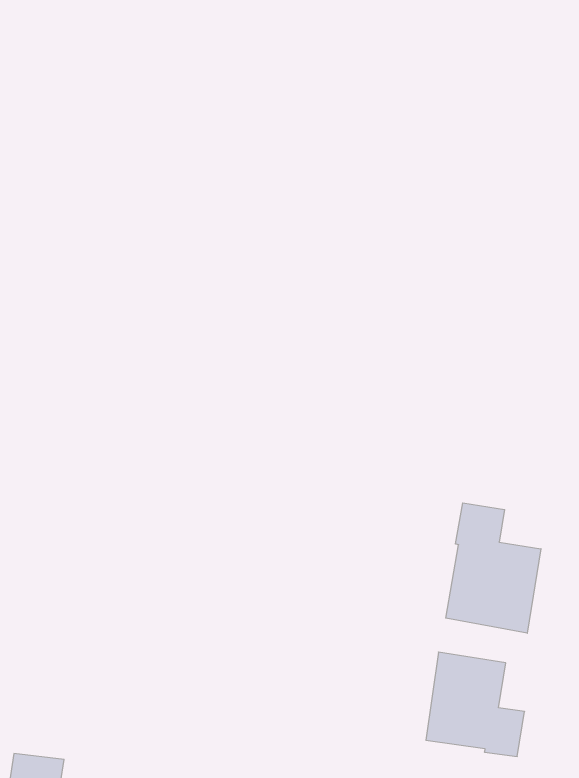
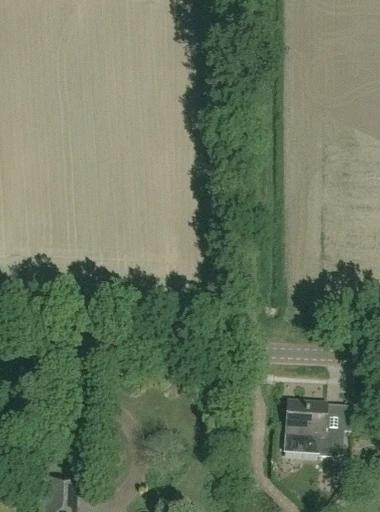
building: [446,503,541,633] -> none

